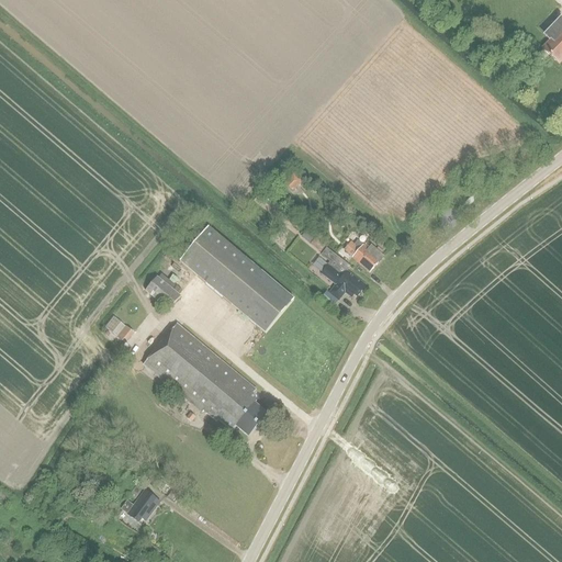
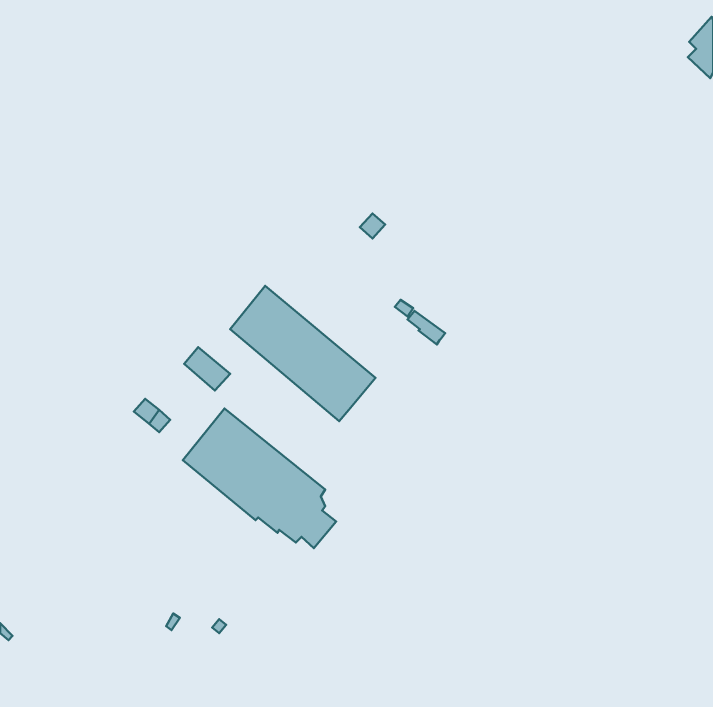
building: [342,237,384,270] -> none
building: [322,259,367,295] -> none
building: [121,488,159,519] -> none

